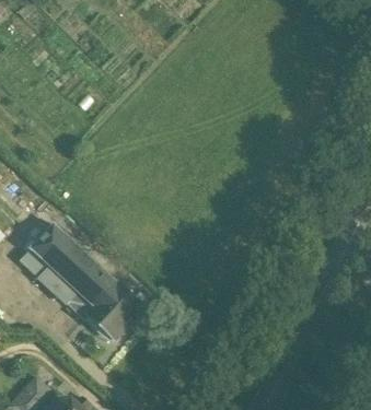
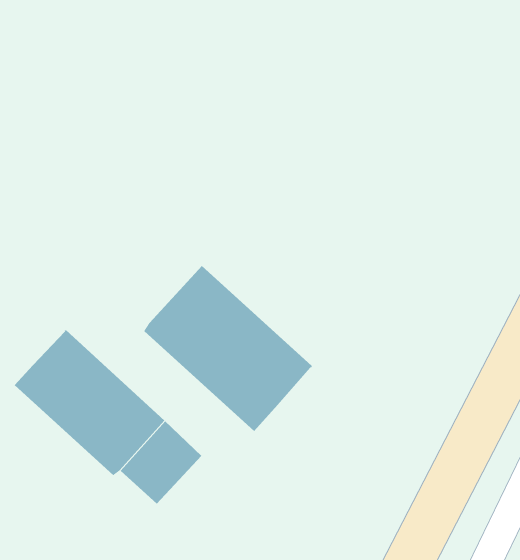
building: none -> [144,265,313,432]

